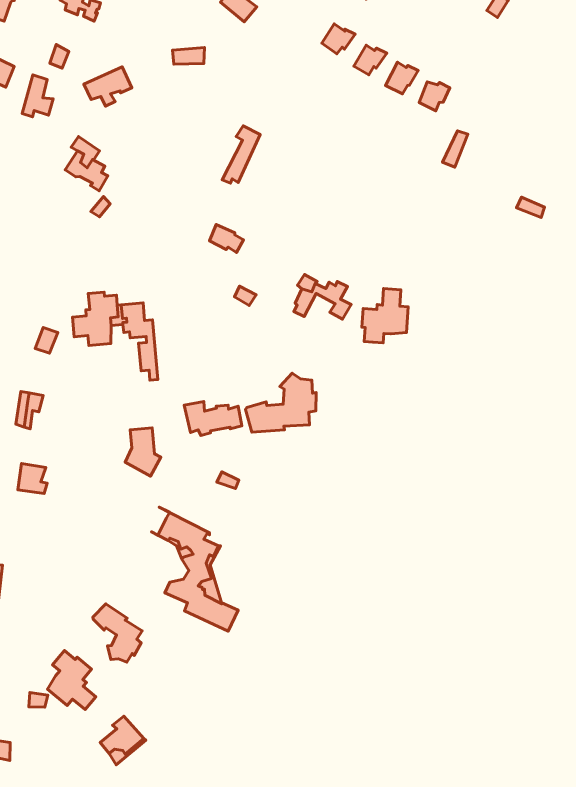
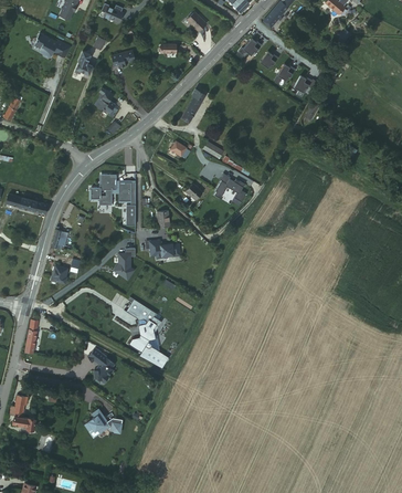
building: [362,289,408,343] -> none
building: [246,373,316,432] -> none
building: [47,651,96,710] -> none

